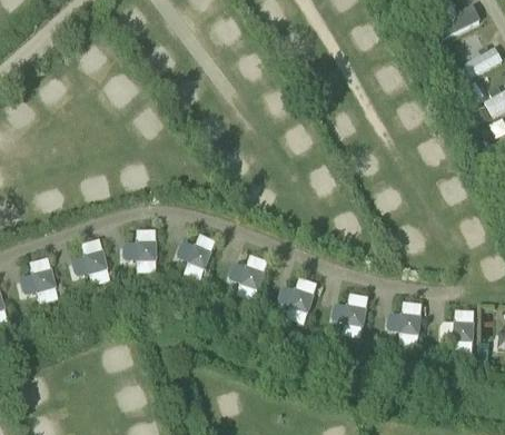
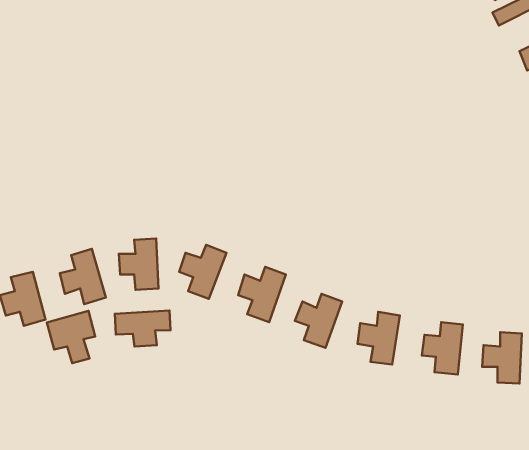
building: none -> [115,311,171,346]
building: none -> [47,311,95,363]

